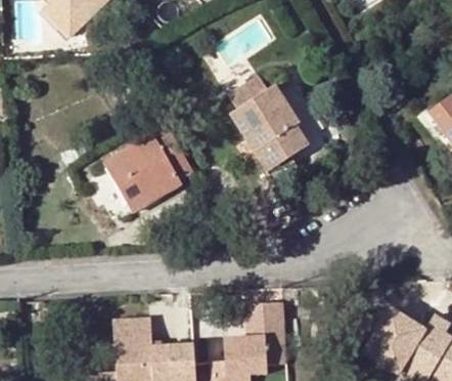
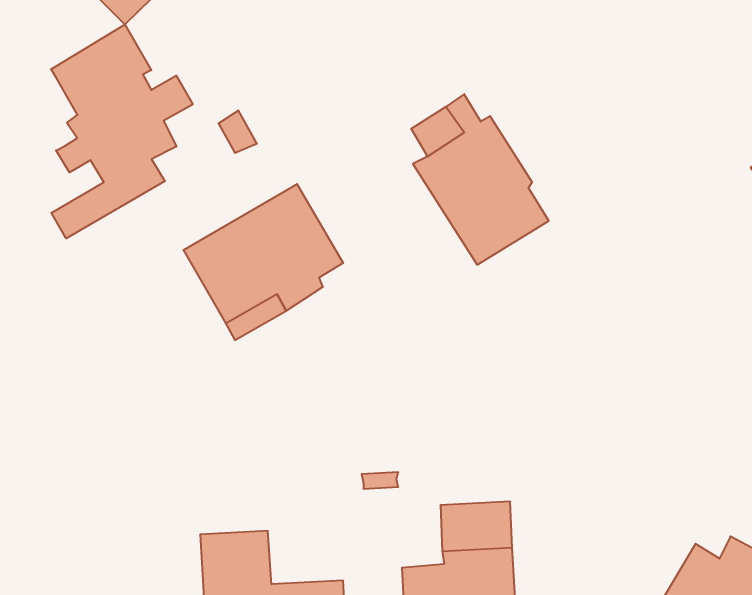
building: none -> [51,24,193,238]

